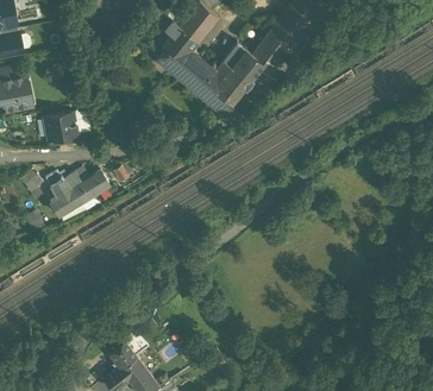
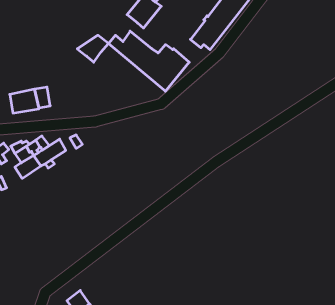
building: [155,27,190,58] -> [77,35,108,62]
building: [222,44,263,82] -> none

